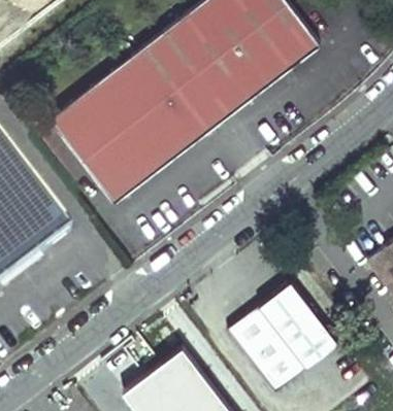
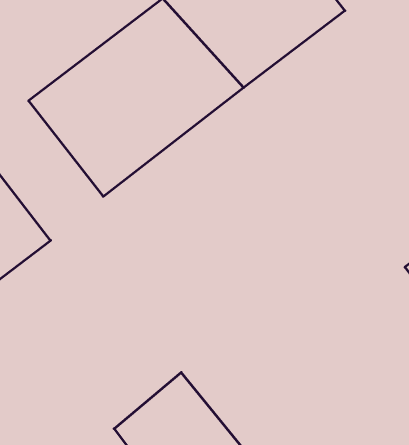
building: [230,285,345,398] -> none

